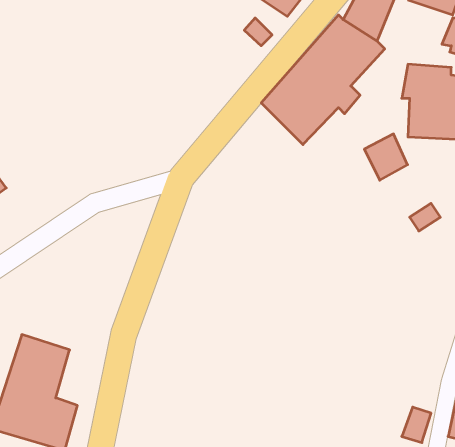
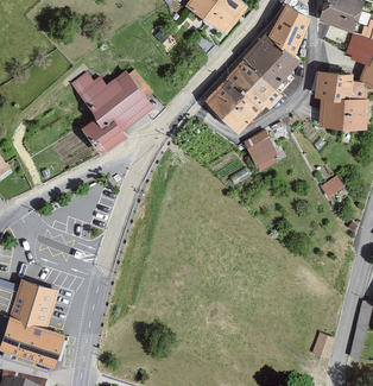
building: none -> [70,70,152,153]
building: [364,134,408,180] -> [242,131,276,166]

